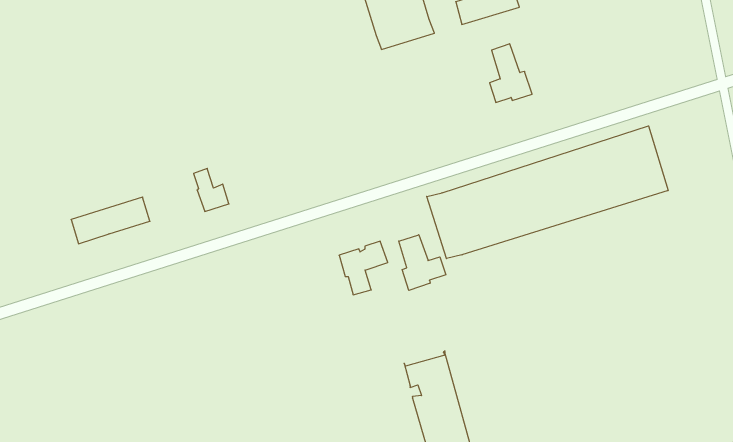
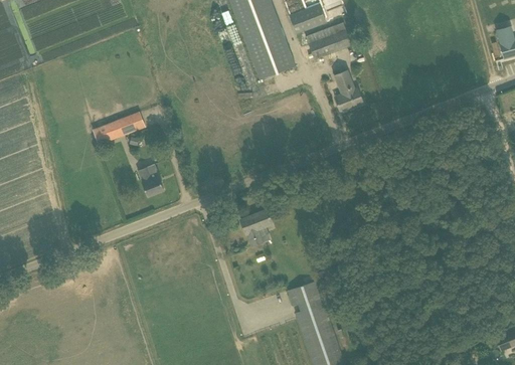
building: [427,126,668,259] -> none
building: [71,197,150,244] -> [92,110,145,144]
building: [399,235,446,290] -> none

